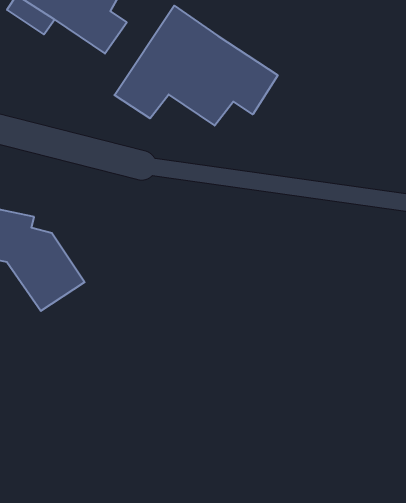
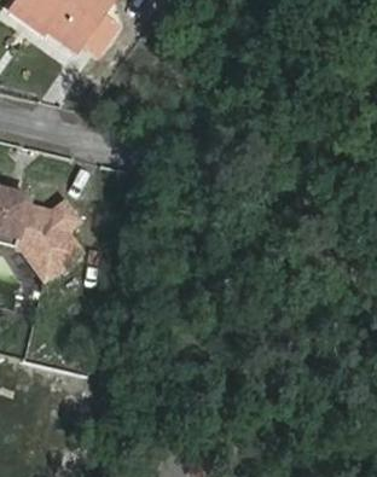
building: [114,6,278,126] -> none

